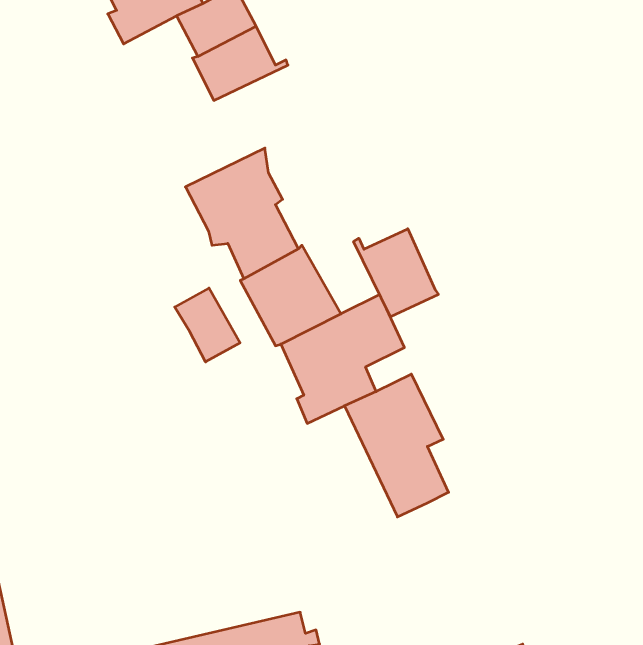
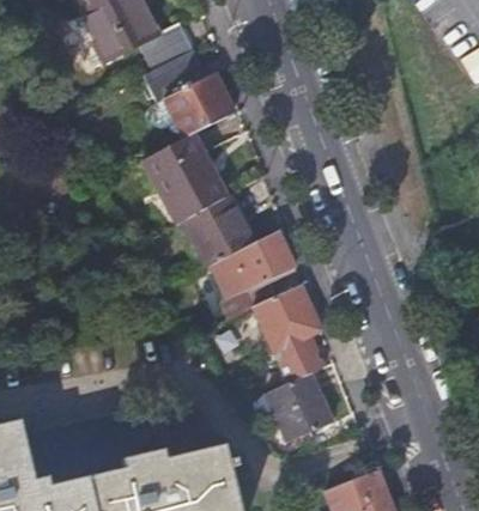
building: none -> [165,75,234,136]
building: [354,229,438,317] -> none
building: [175,288,240,362] -> none
building: none -> [266,372,333,442]

